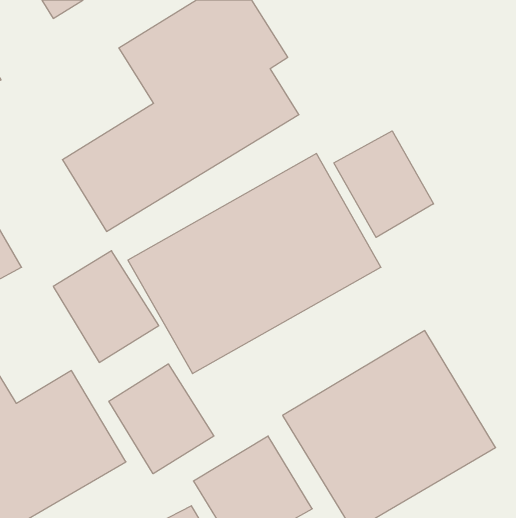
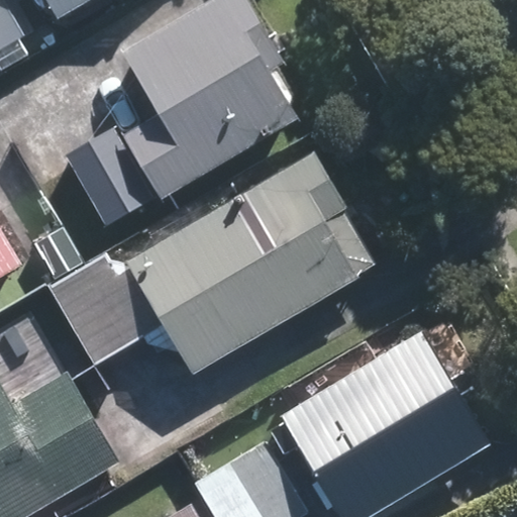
building: [334,131,434,237] -> none
building: [109,364,214,474] -> none

